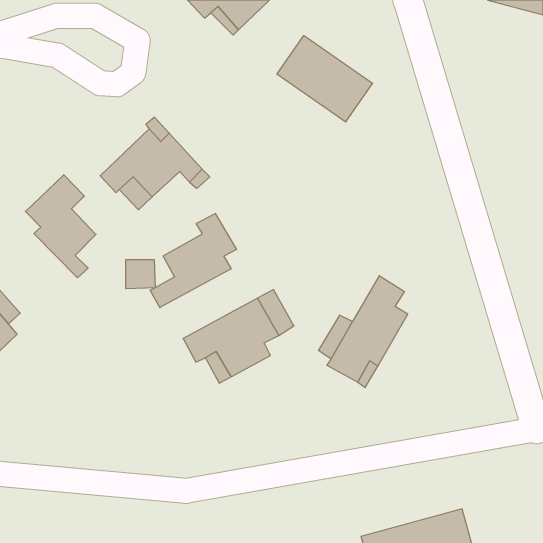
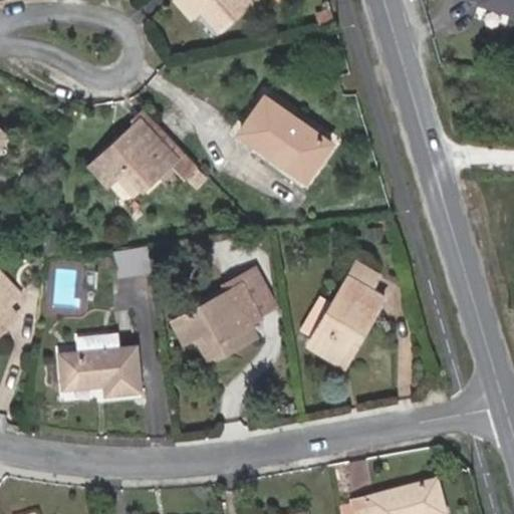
building: [277,36,373,122] -> [240,98,330,180]
building: [25,175,96,278] -> none
building: [150,213,236,308] -> none
building: none -> [60,334,138,395]

